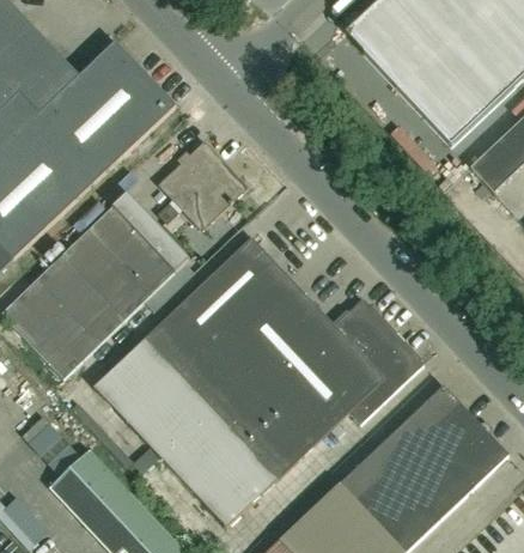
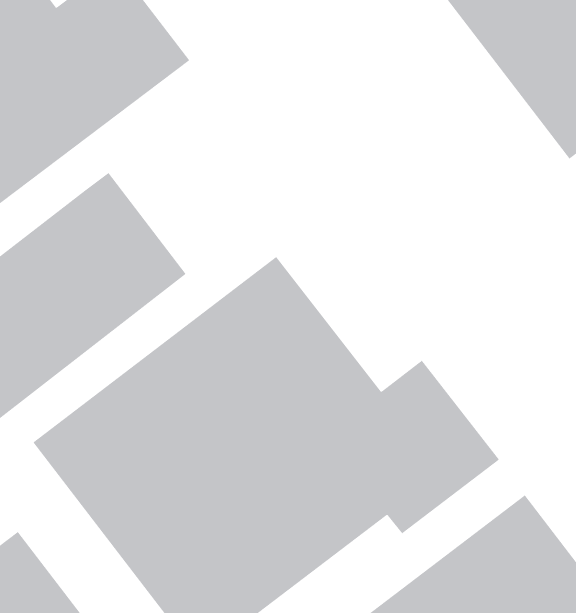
building: [160,142,248,218] -> none

